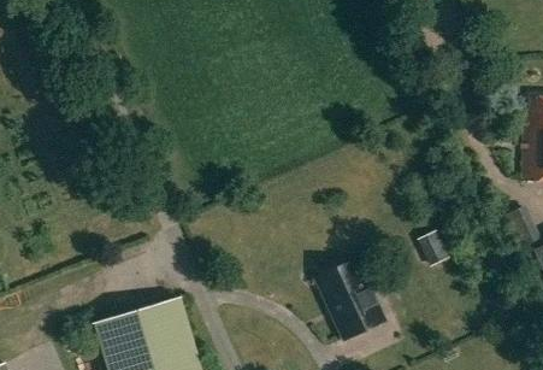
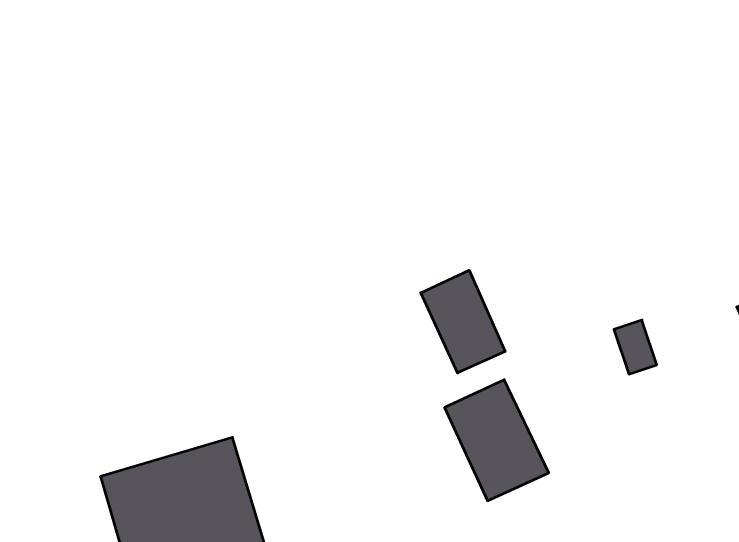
building: none -> [421,270,505,373]

